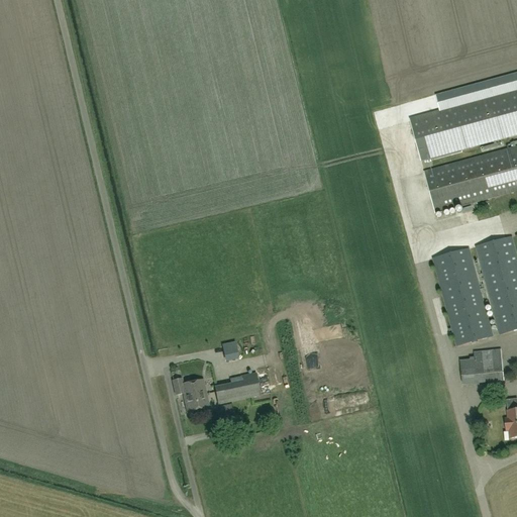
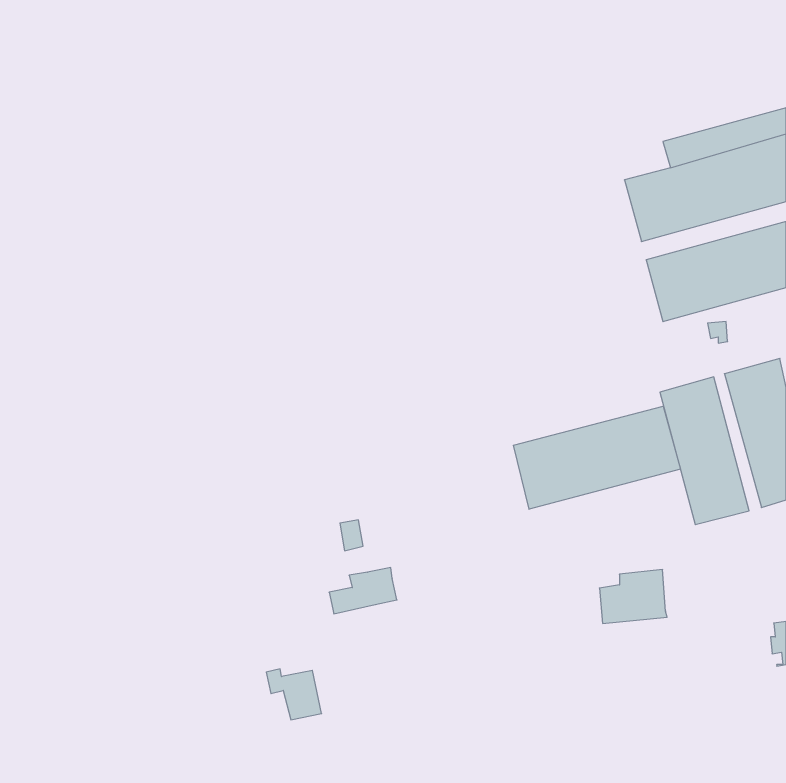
building: none -> [513,406,680,509]
building: [460,348,505,384] -> [599,570,667,623]
building: [173,378,209,411] -> [266,669,322,720]

